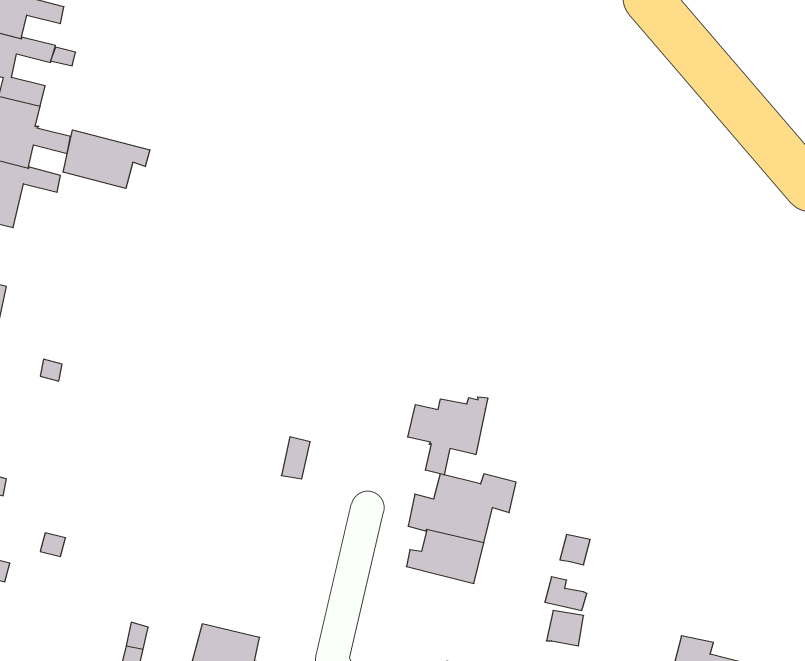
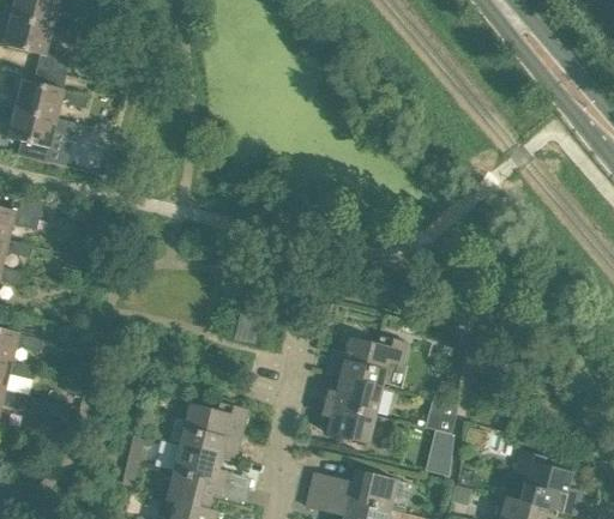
building: [63,130,150,188] -> none
building: [408,397,488,475] -> none
building: none -> [169,403,248,457]
building: none -> [323,403,374,443]

